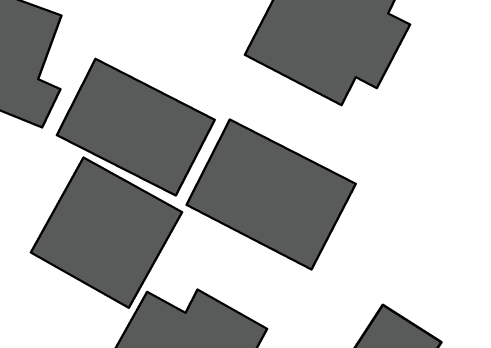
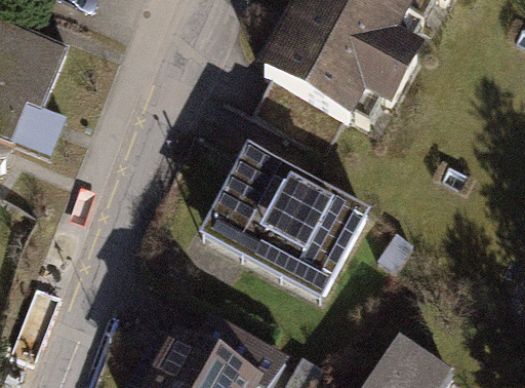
building: [57,59,215,195] -> none
building: [31,158,182,308] -> none

